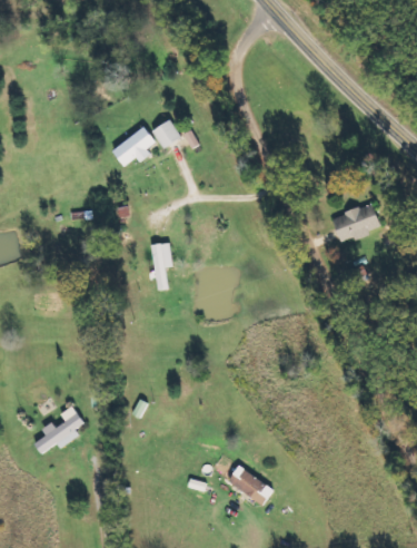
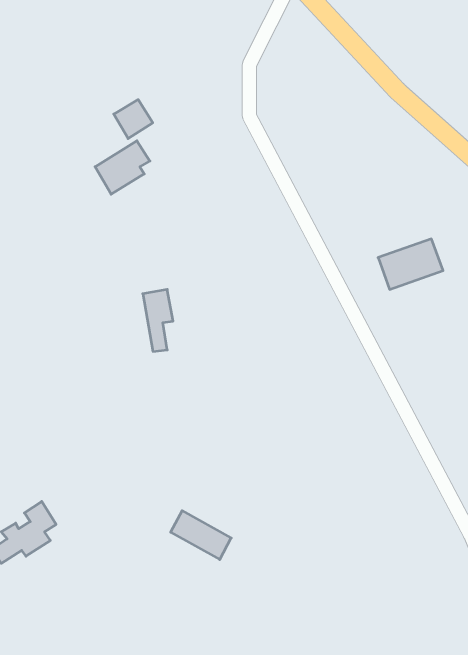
building: [151,119,181,149] -> [114,100,153,139]
building: [227,467,274,505] -> [171,511,231,560]

